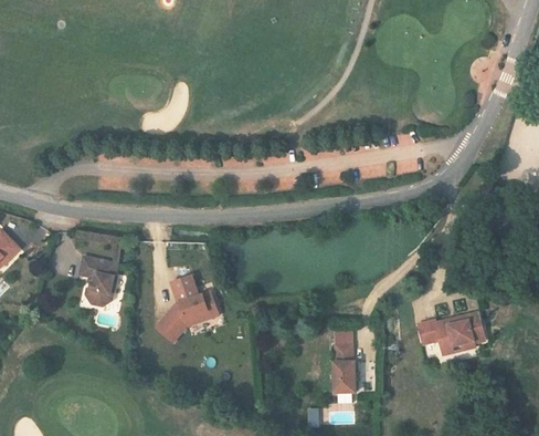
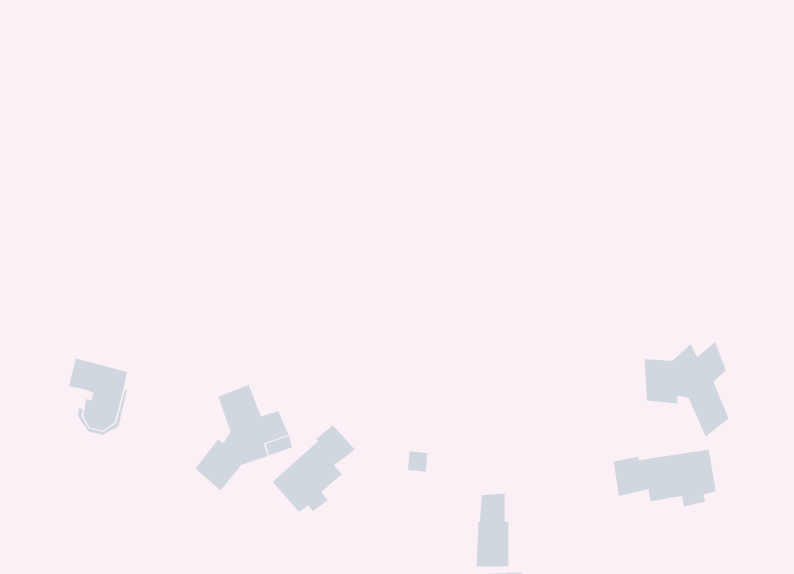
building: none -> [644,341,729,438]
building: none -> [272,425,356,513]

